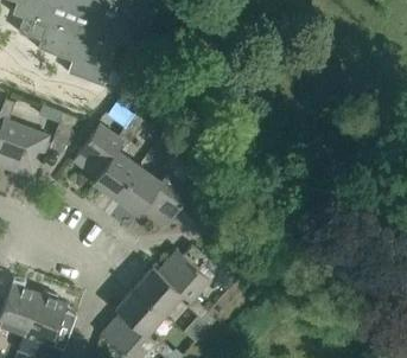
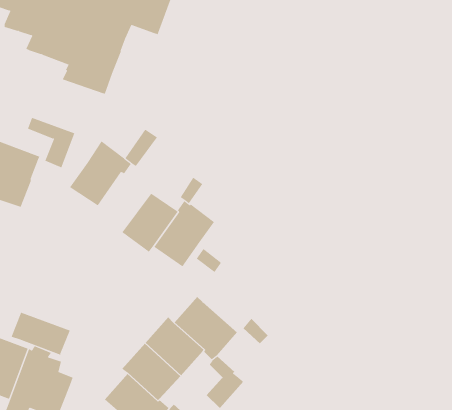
building: [93,149,139,198] -> none
building: none -> [11,312,70,355]

